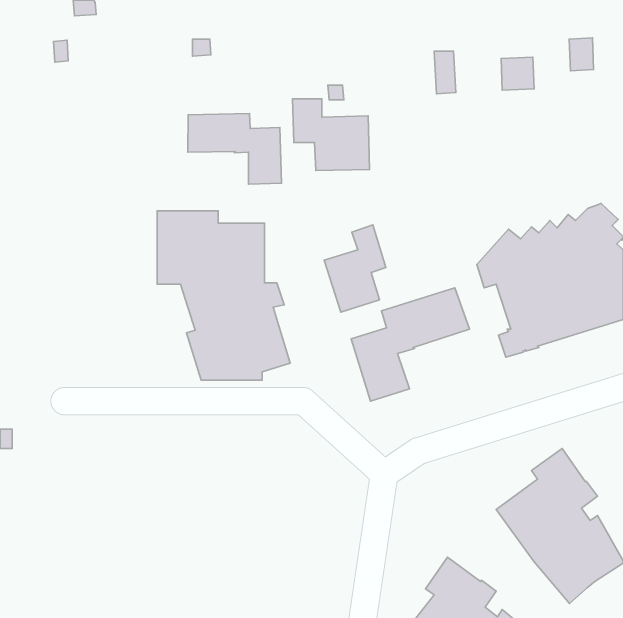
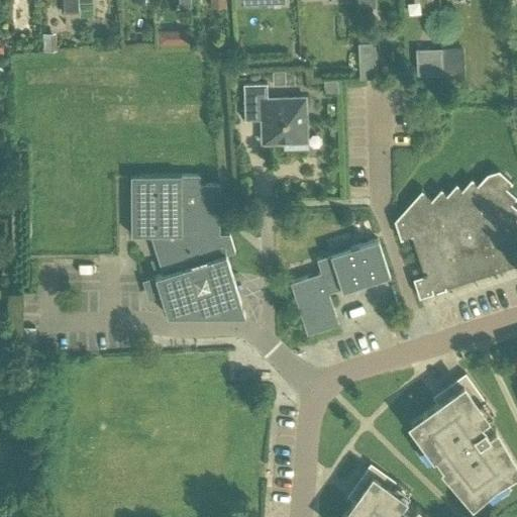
building: [569,38,594,71] -> [441,50,461,78]
building: [188,113,281,184] -> none
building: [324,225,386,312] -> none

